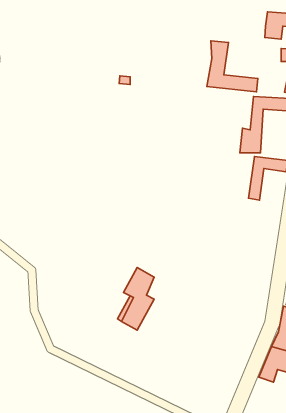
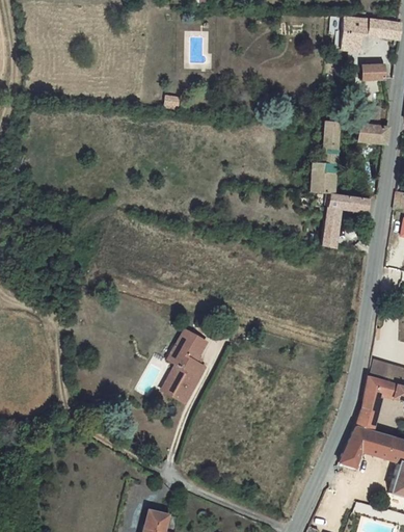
building: [207,41,258,92] -> none

